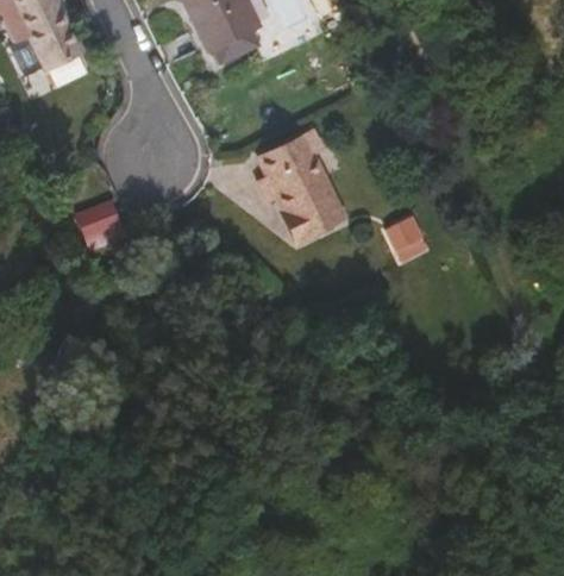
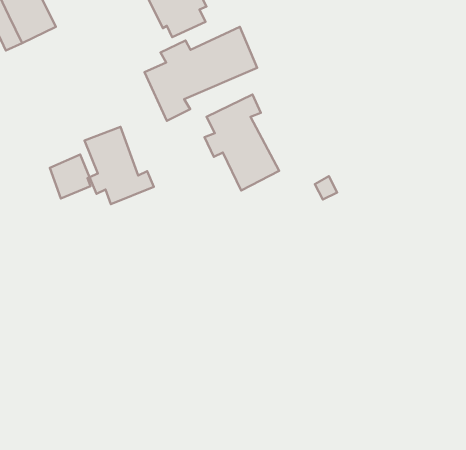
building: none -> [145,27,257,121]
building: none -> [85,127,154,204]

